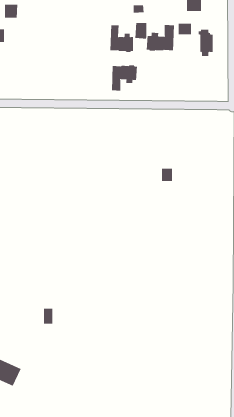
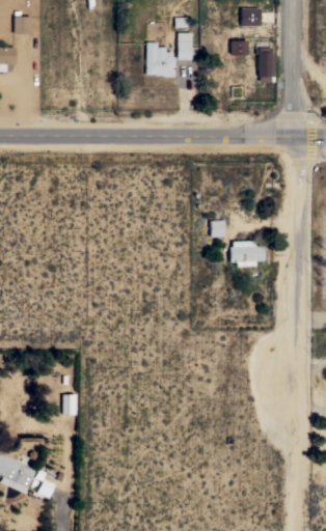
building: [146,24,174,52] -> none
building: [111,65,137,91] -> none
building: none -> [230,240,266,267]

